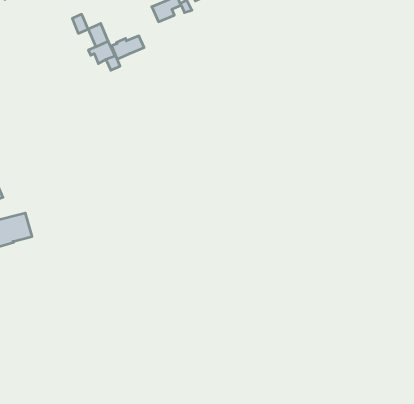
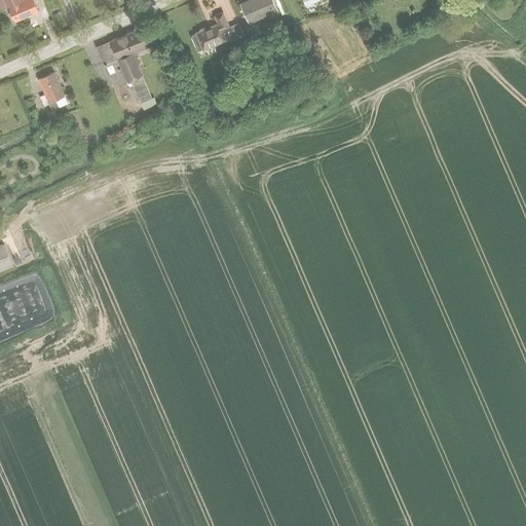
building: [111,36,144,59] -> [108,30,148,59]
building: none -> [35,70,63,102]

